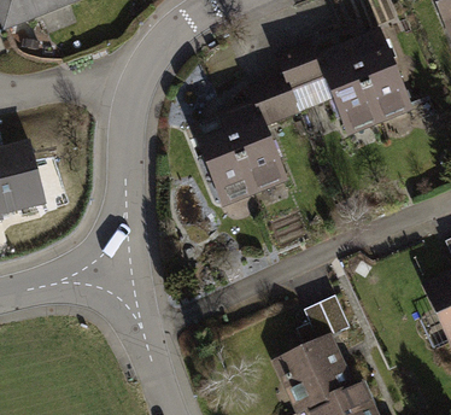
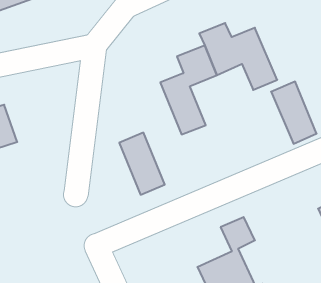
building: [350,36,409,117] -> [271,82,317,144]
building: [195,121,254,201] -> [119,133,165,195]

